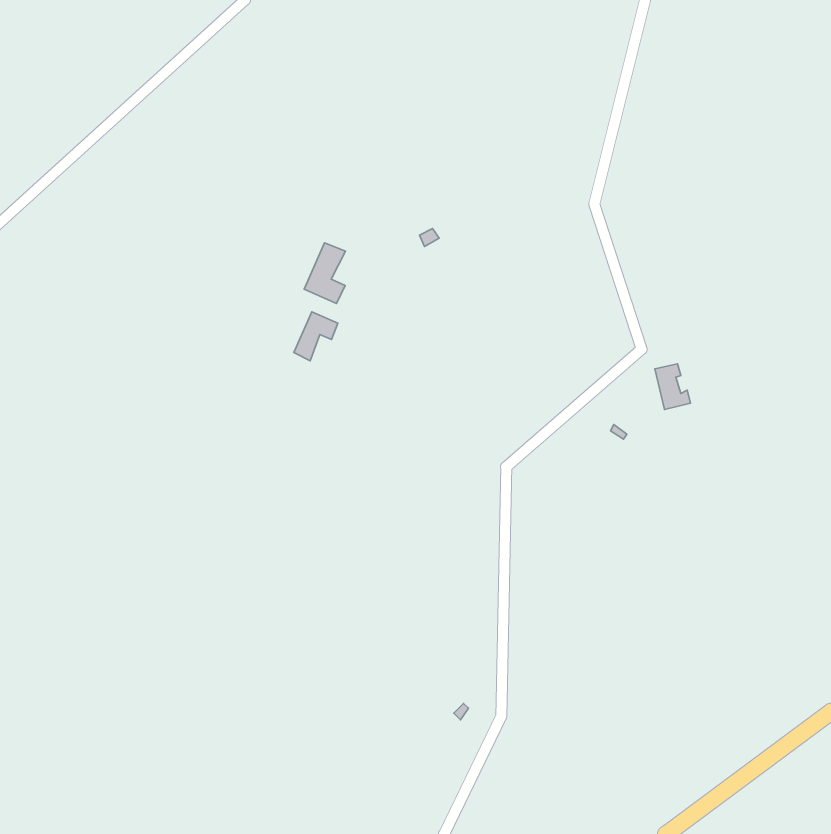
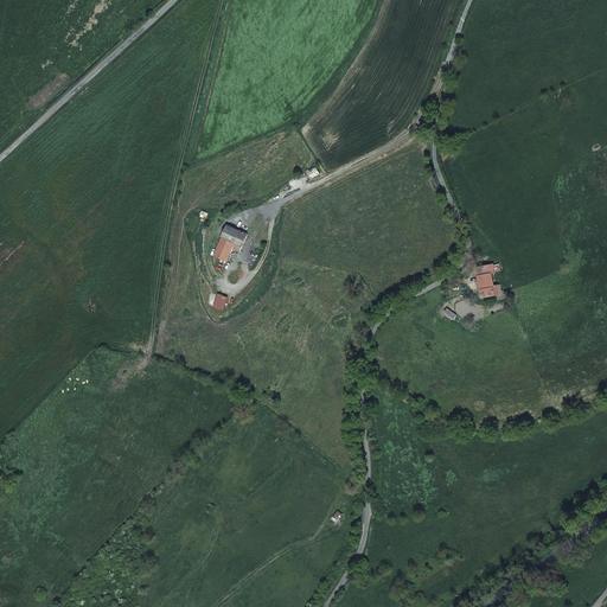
building: [304,243,346,303] -> none

